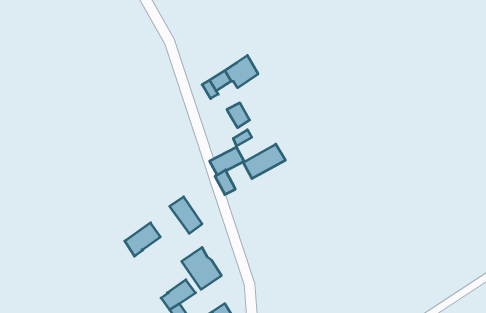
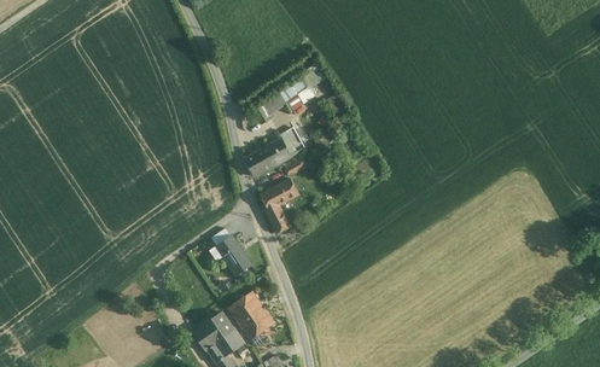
building: [243,144,285,179] -> [245,139,292,177]
building: [125,223,160,256] -> [194,311,234,349]

